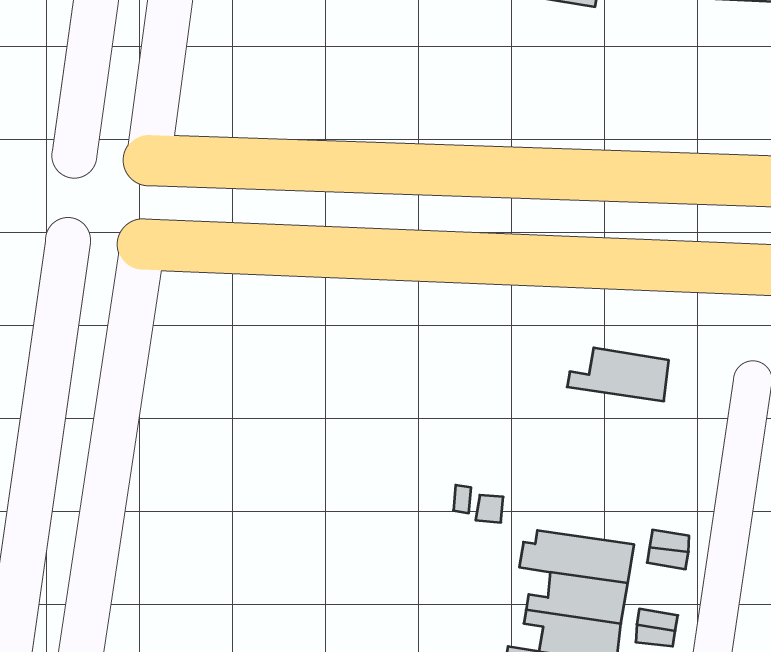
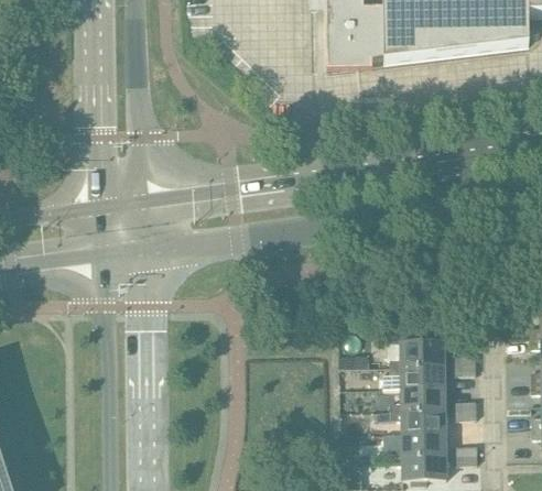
building: [567,348,669,401] -> [390,345,445,369]

